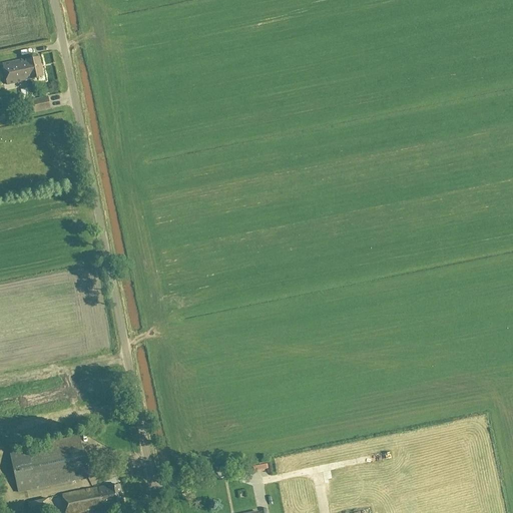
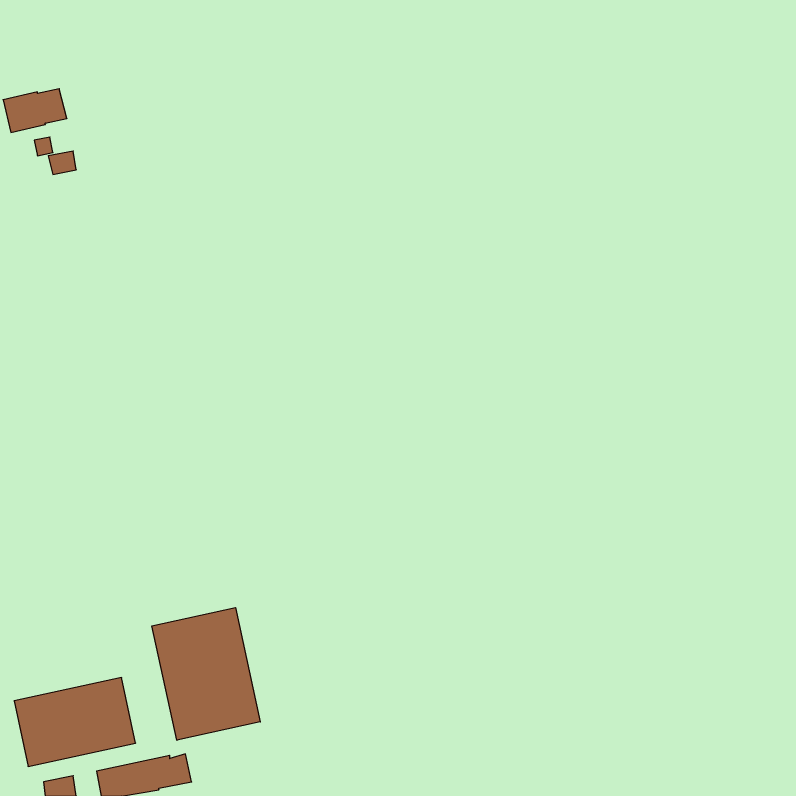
building: none -> [152,608,260,740]

